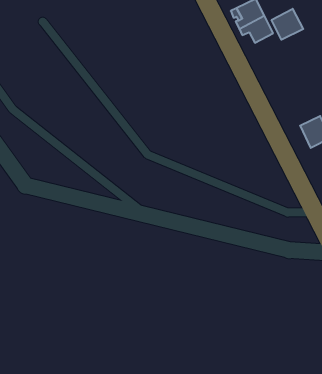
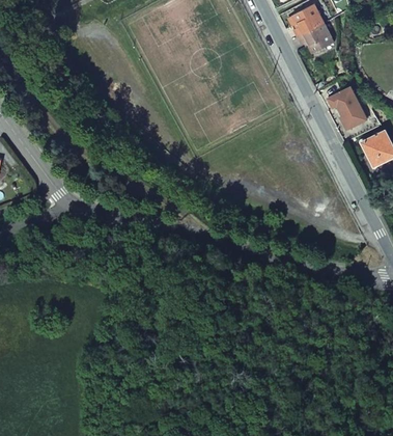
building: [272,9,303,40] -> none
building: none -> [328,86,366,129]

